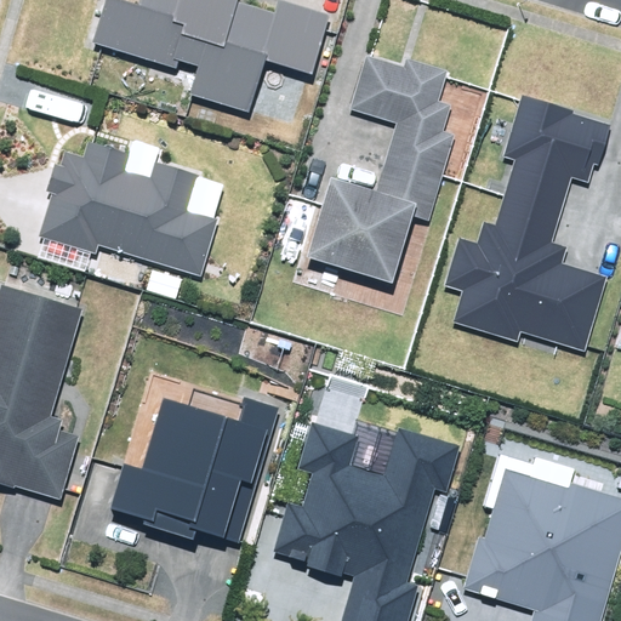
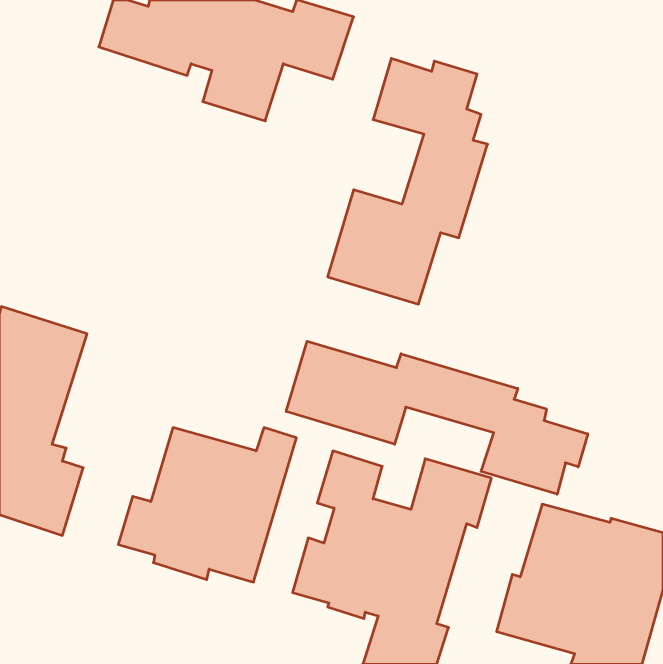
building: [444,95,610,352] -> none
building: [35,136,222,270] -> none
building: none -> [286,341,588,494]

